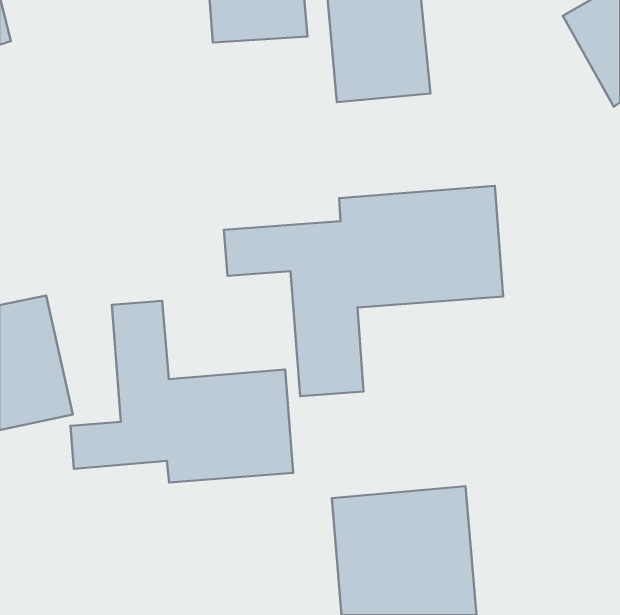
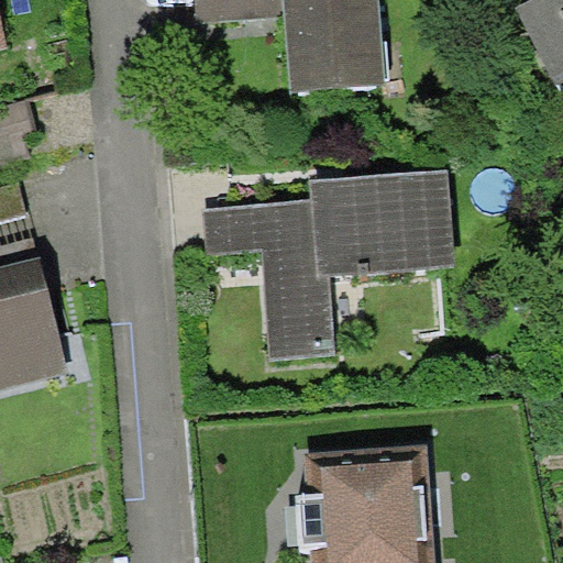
building: [70,301,293,482] -> none

